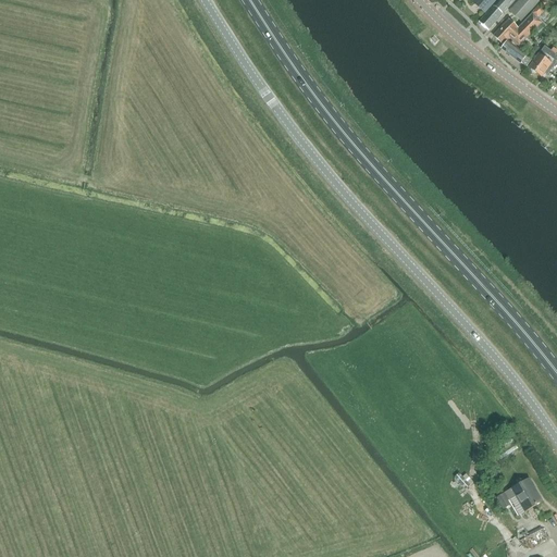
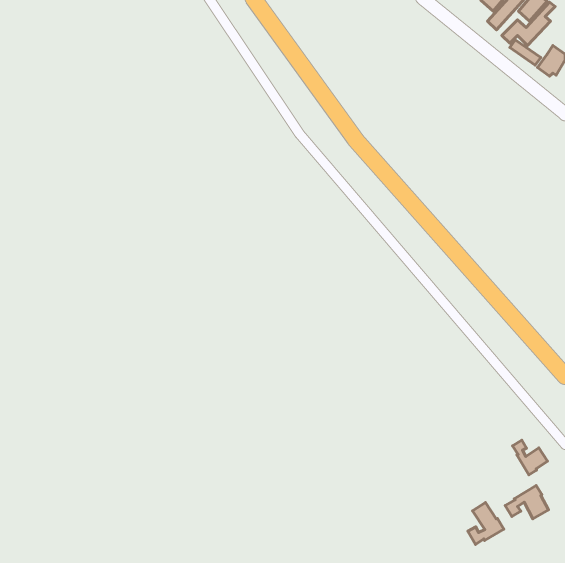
building: none -> [513,440,548,475]
building: none -> [468,502,504,544]

